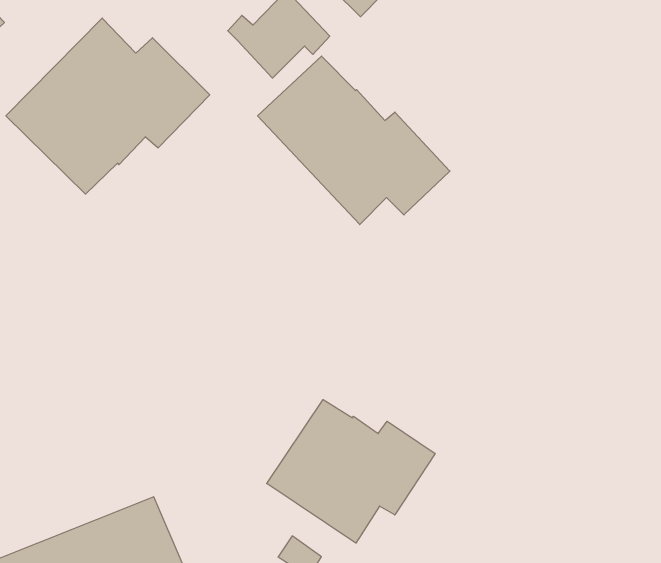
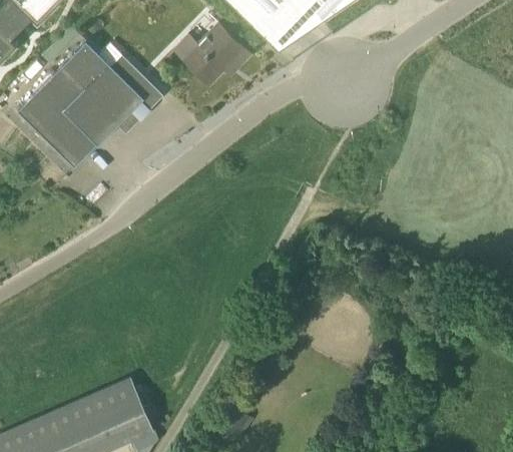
building: [258,56,450,225] -> none
building: [267,400,435,543] -> none

